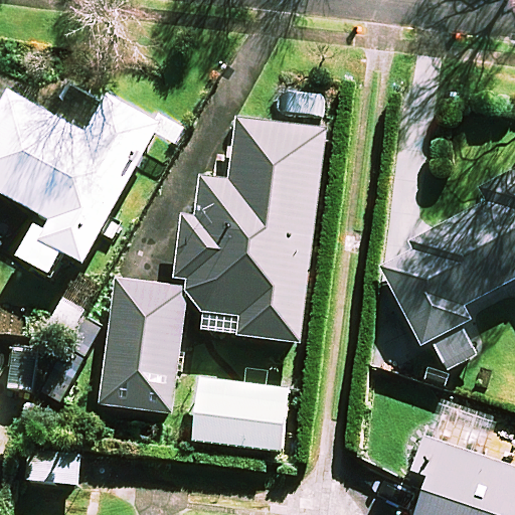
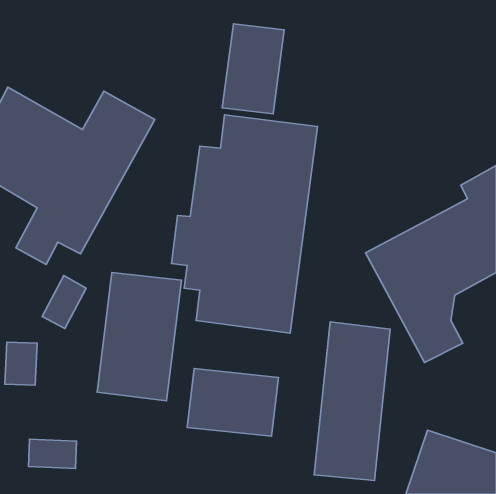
building: none -> [222,24,284,114]
building: none -> [314,322,390,481]

